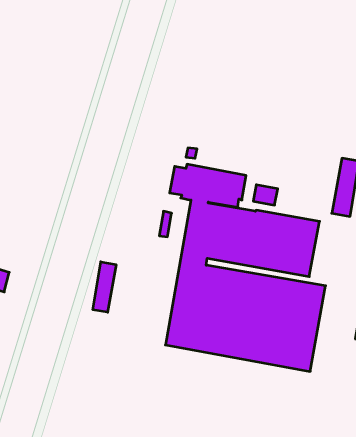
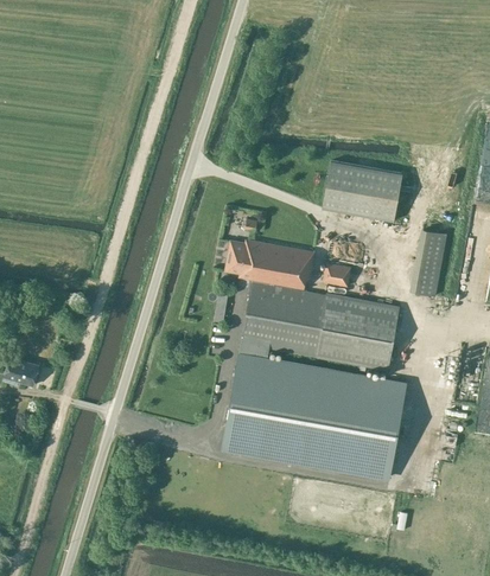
building: none -> [322,162,402,224]
building: [93,262,116,312] -> none

